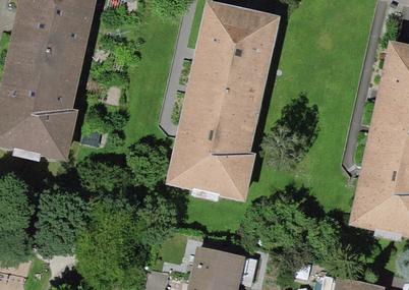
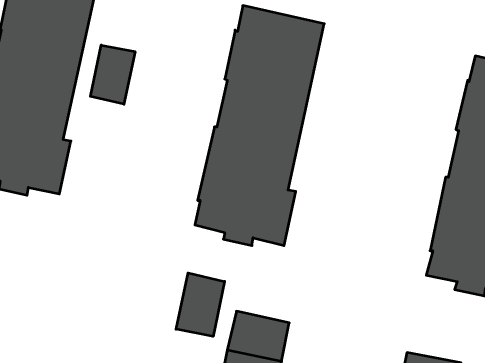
building: none -> [90,45,135,104]
building: none -> [176,273,225,336]

